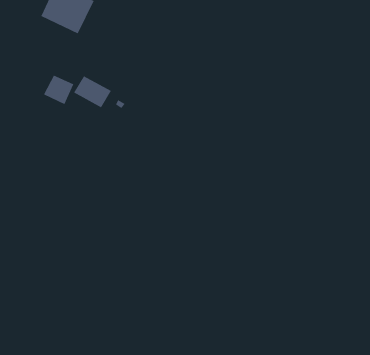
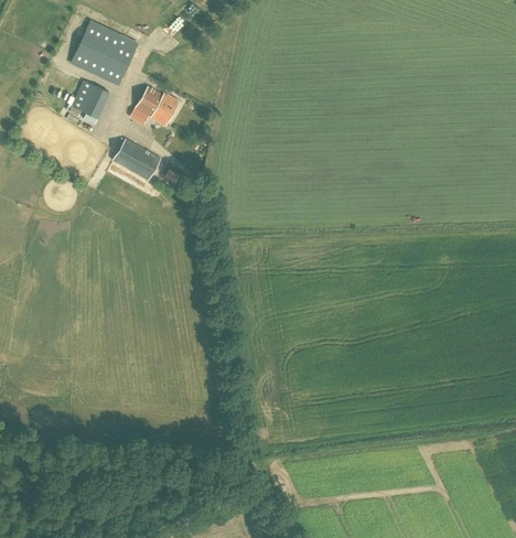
building: none -> [135,86,179,126]
building: [43,75,74,105] -> [71,80,110,119]

